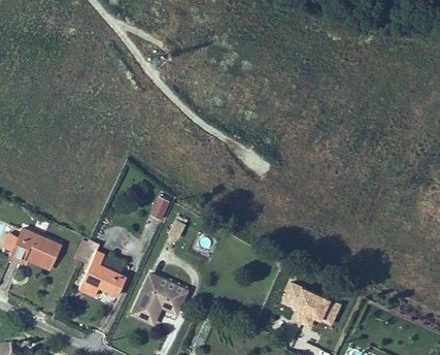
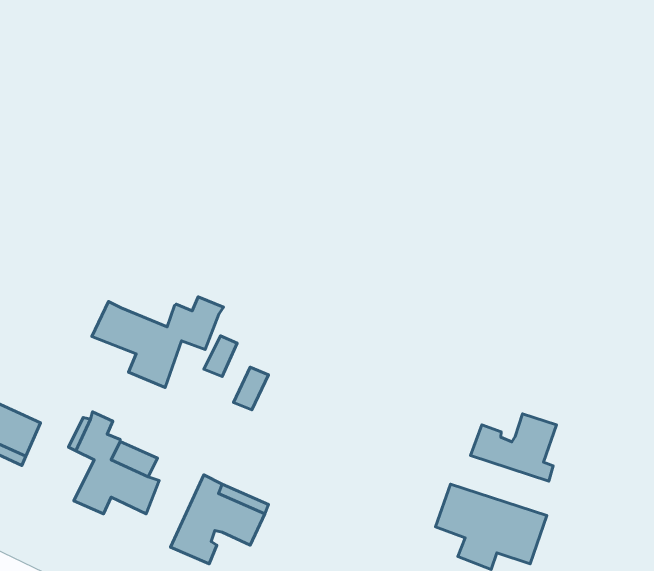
building: none -> [92,297,223,388]
building: none -> [471,414,557,481]

